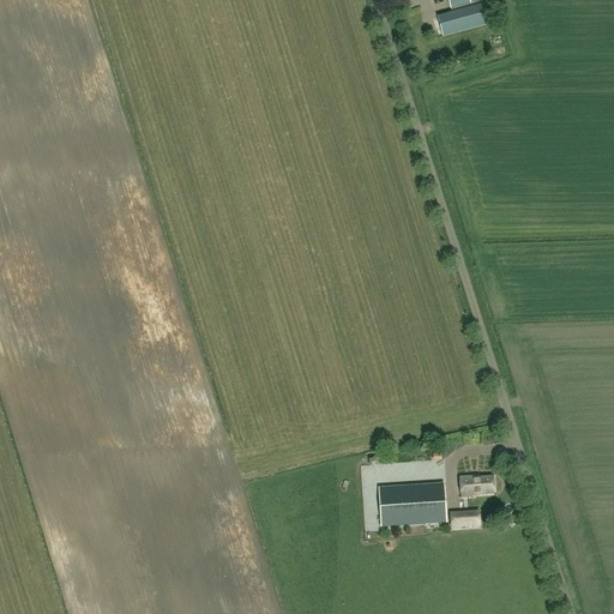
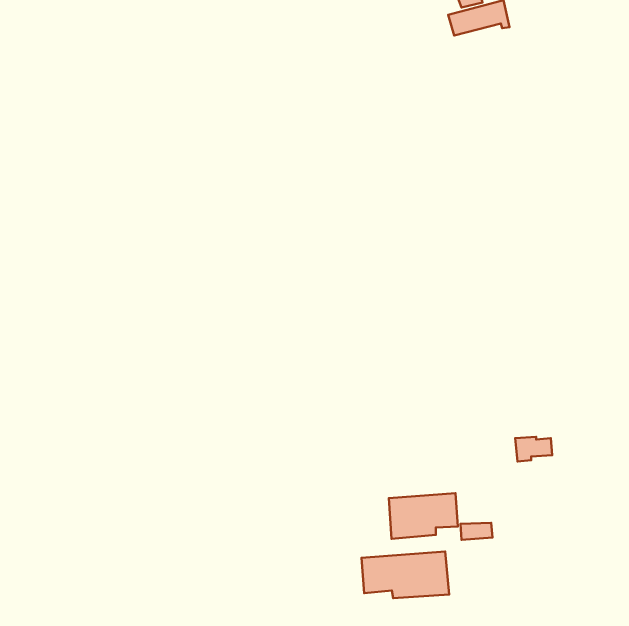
building: [458,474,494,498] -> [515,437,552,461]
building: none -> [361,552,449,598]

